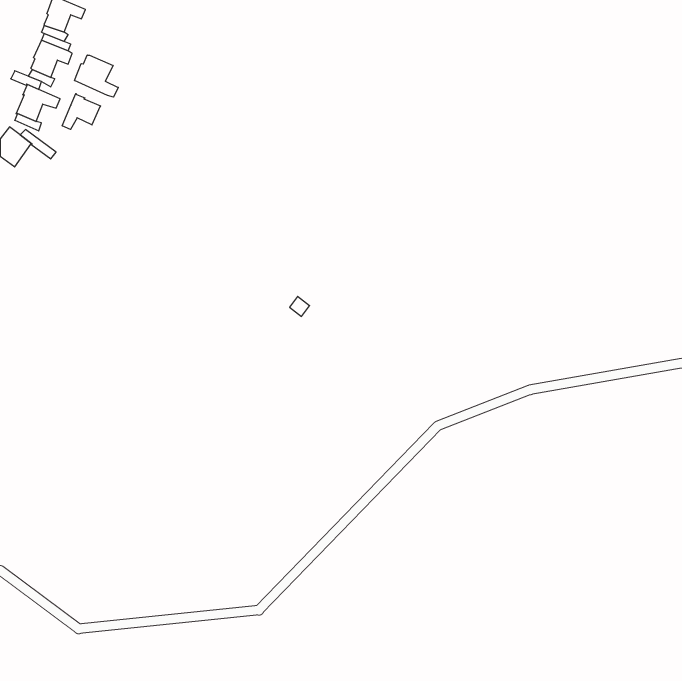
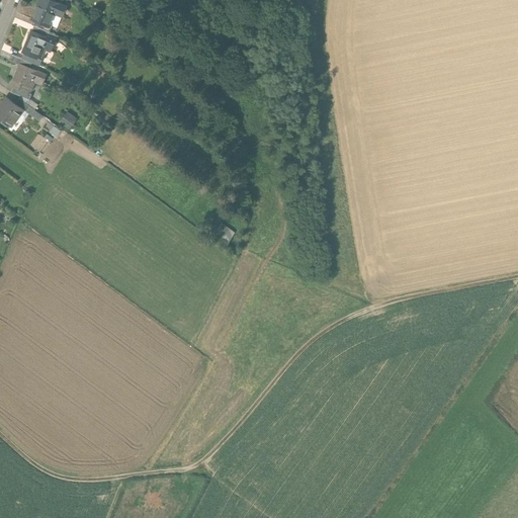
building: [75,55,118,97] -> none
building: [62,94,101,129] -> none

